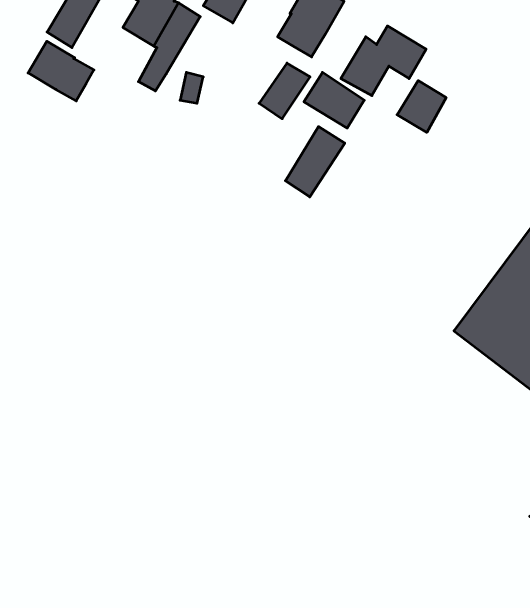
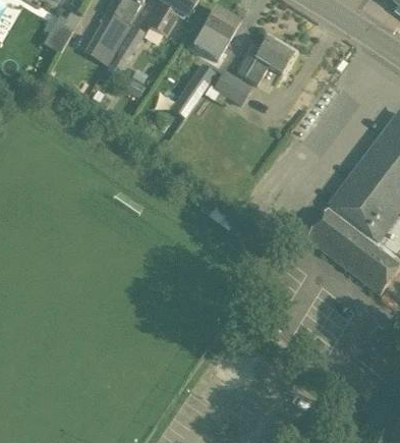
building: [28,41,94,101] -> none
building: [397,81,446,132] -> none
building: [285,127,345,197] -> none

